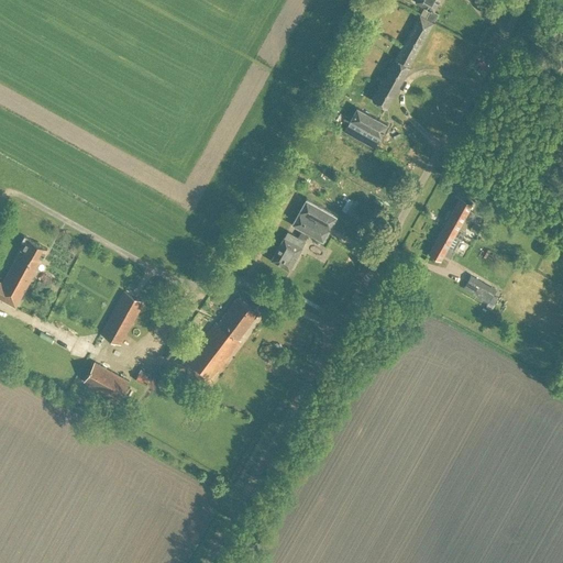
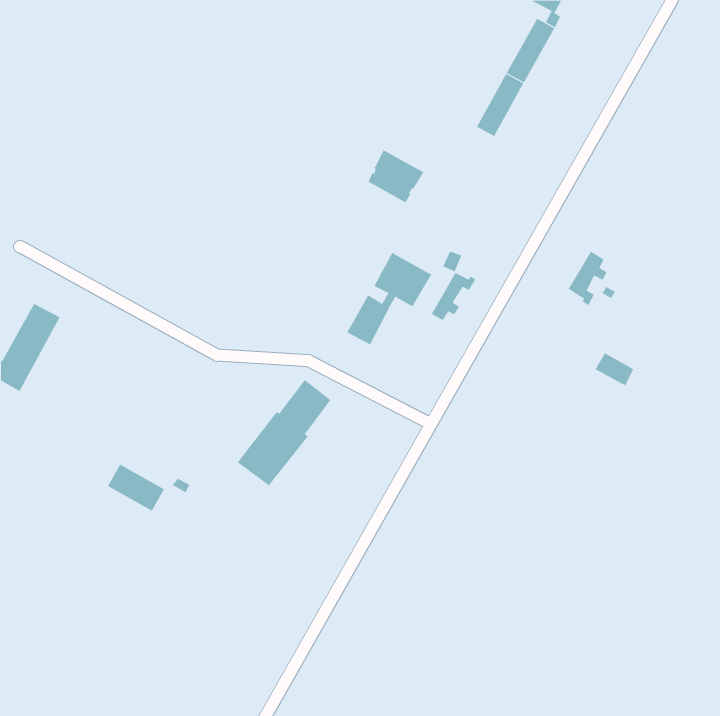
building: [344,109,388,151] -> [368,149,424,203]
building: none -> [431,272,476,321]
building: [429,229,460,263] -> none
building: [100,294,144,347] -> none

